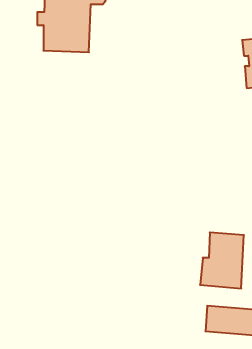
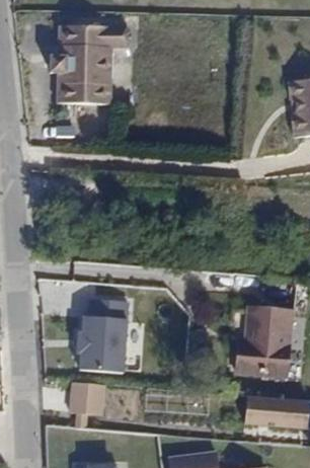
building: none -> [76,316,125,370]
building: none -> [70,383,103,426]

